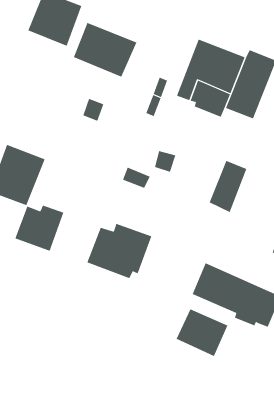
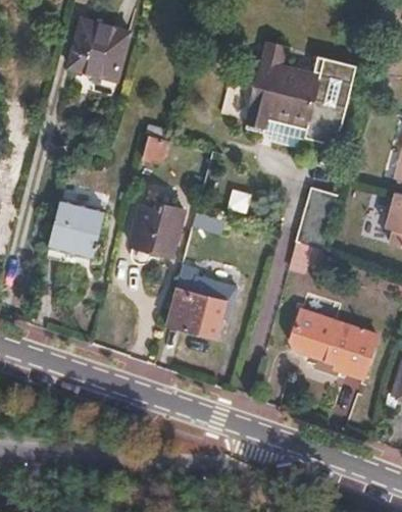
building: [73,22,137,78] -> none
building: [15,205,64,251] -> [131,203,184,255]
building: [176,309,228,357] -> none

